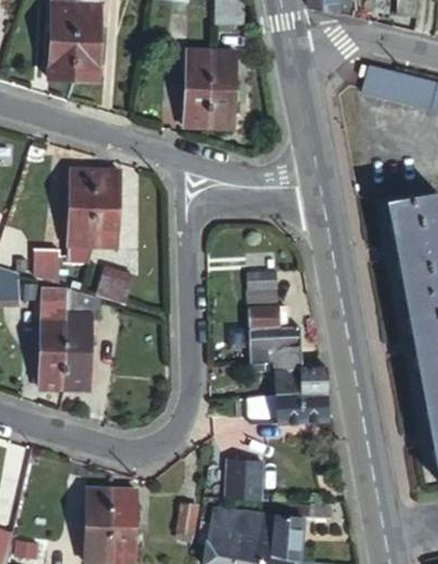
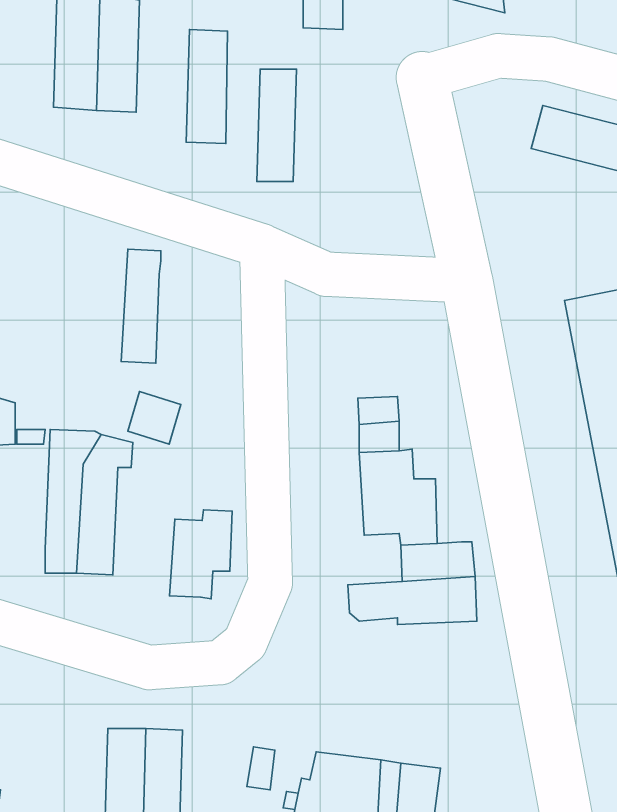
building: [207,51,234,127] -> [186,30,228,144]
building: [35,169,97,284] -> none
building: none -> [170,510,232,599]
building: [225,451,262,490] -> none

